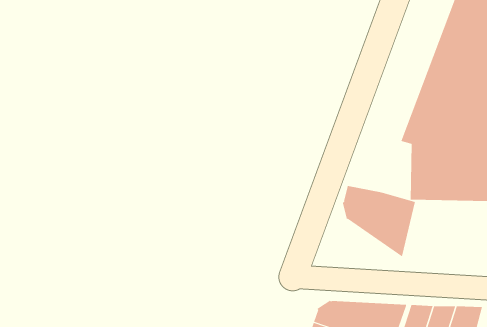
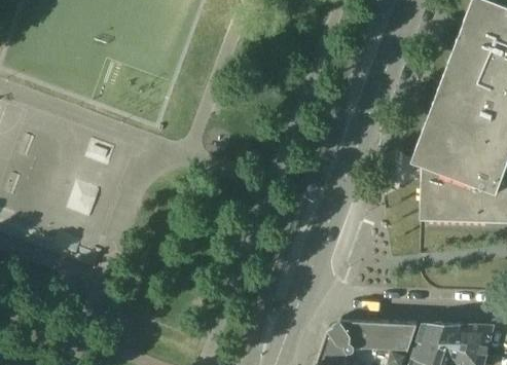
building: [342,185,416,257] -> none

